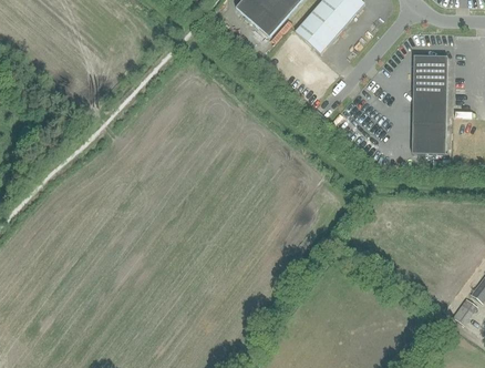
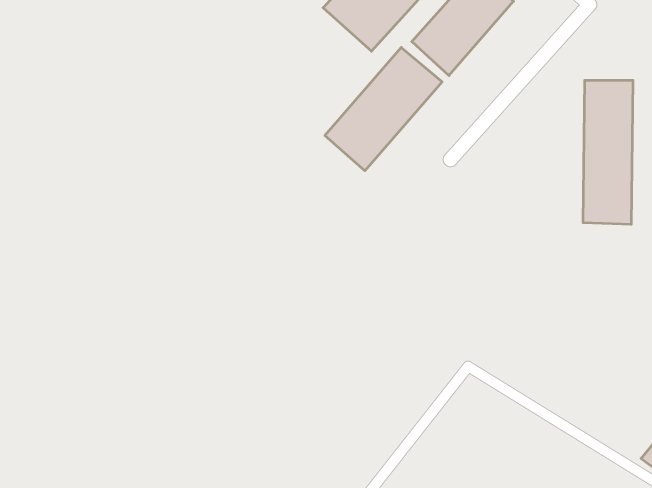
building: none -> [325,47,442,171]

